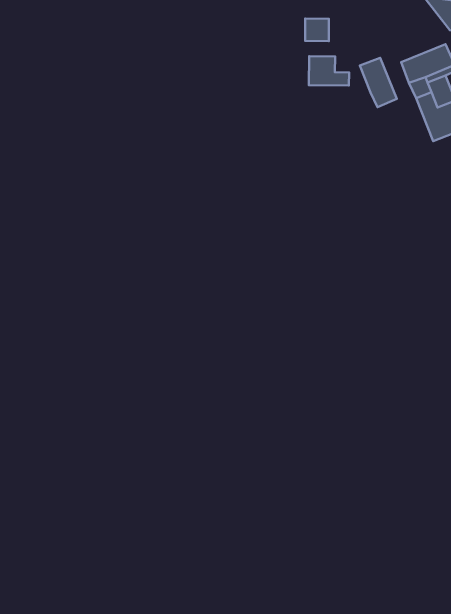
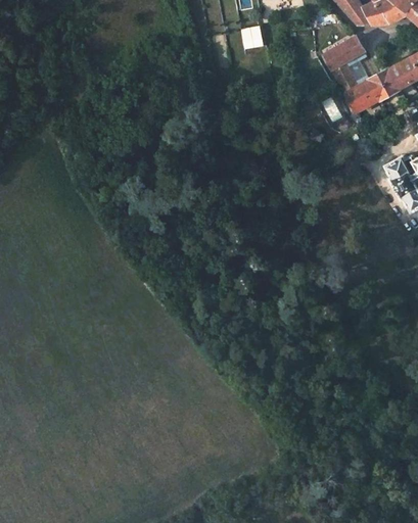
building: [309,56,349,86] -> none
building: [360,58,397,107] -> none

